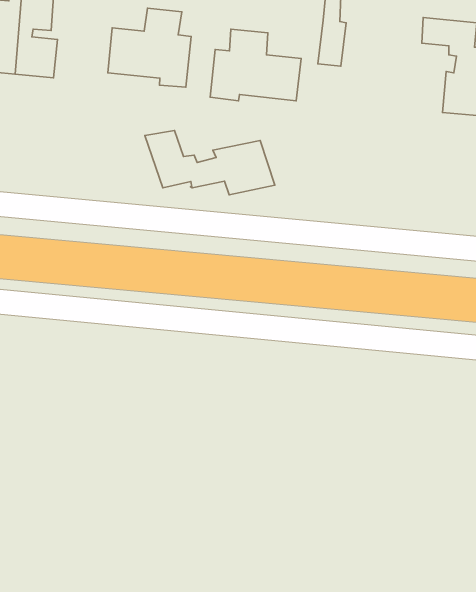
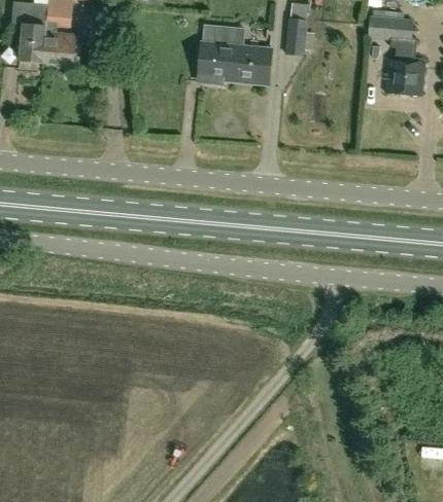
building: [108,8,191,87] -> none
building: [145,130,275,195] -> none

